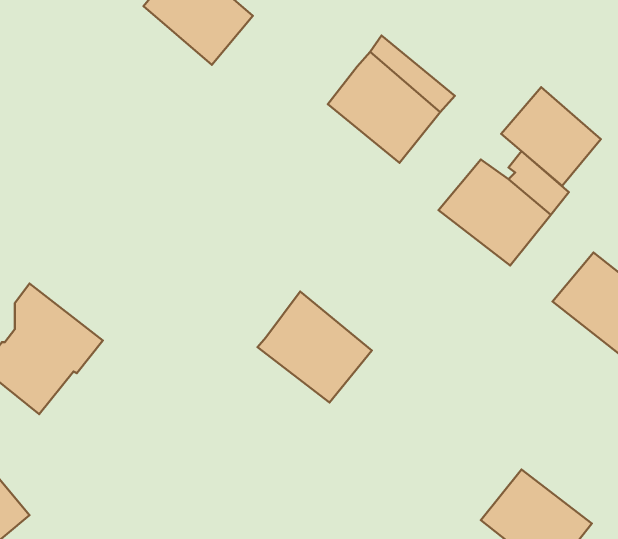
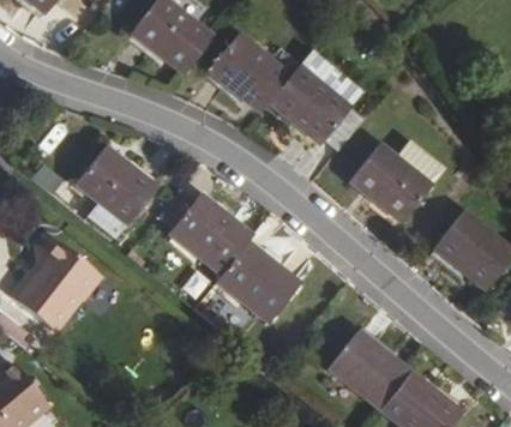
building: none -> [208,34,289,113]
building: [501,87,601,186] -> none
building: none -> [73,146,157,228]
building: none -> [170,194,252,275]
building: none -> [329,331,410,409]

